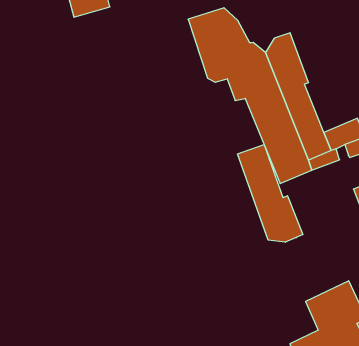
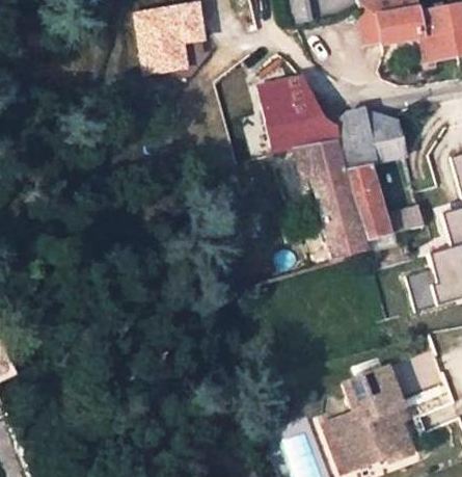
building: none -> [362,109,406,161]
building: [237,144,303,242] -> none

